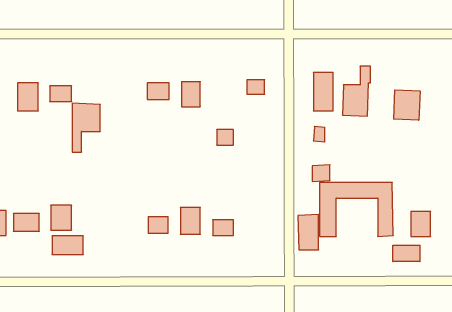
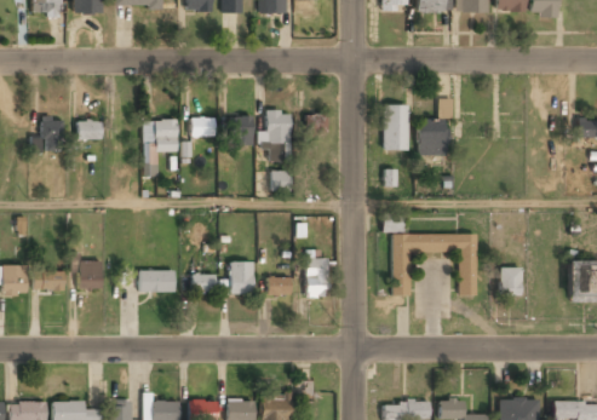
building: none -> [262,111,289,161]
building: [394,90,420,120] -> none
building: [72,103,100,152] -> [145,119,178,176]
building: [298,214,319,250] -> [305,257,329,298]
building: [52,236,83,255] -> [139,270,176,292]
building: [393,245,420,262] -> none

